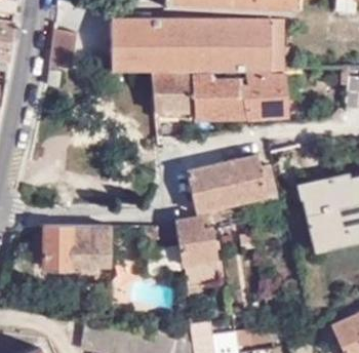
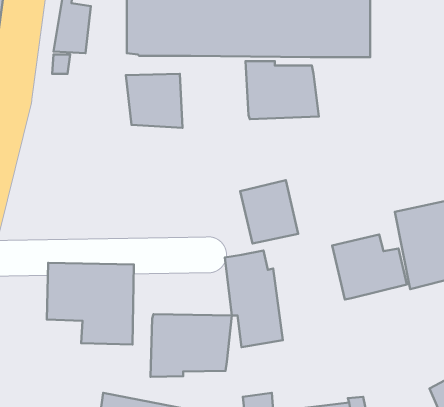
building: [152,75,194,115] -> [126,74,183,128]
building: [242,75,284,116] -> none
building: [222,155,277,203] -> [332,235,407,300]
building: none -> [150,314,232,377]

